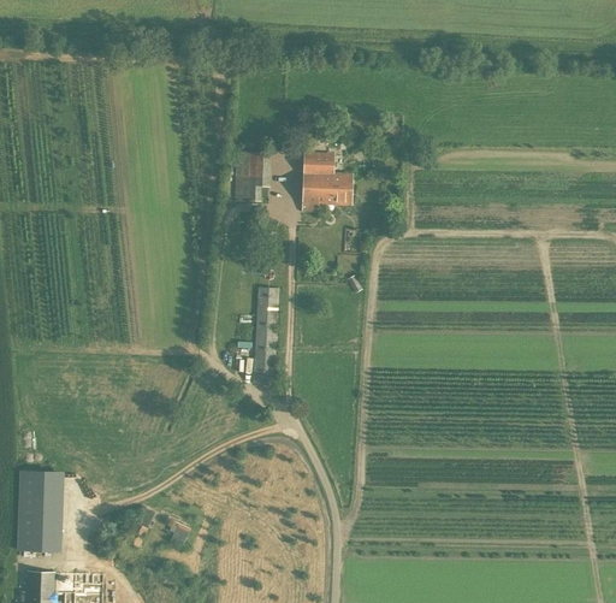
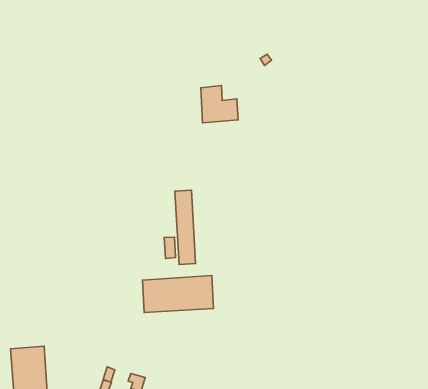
building: [233,152,270,201] -> none
building: none -> [142,275,213,313]

